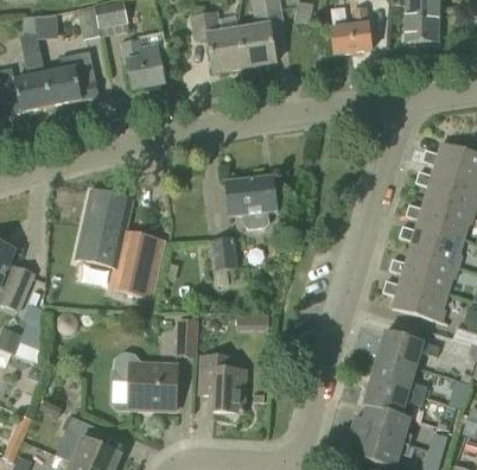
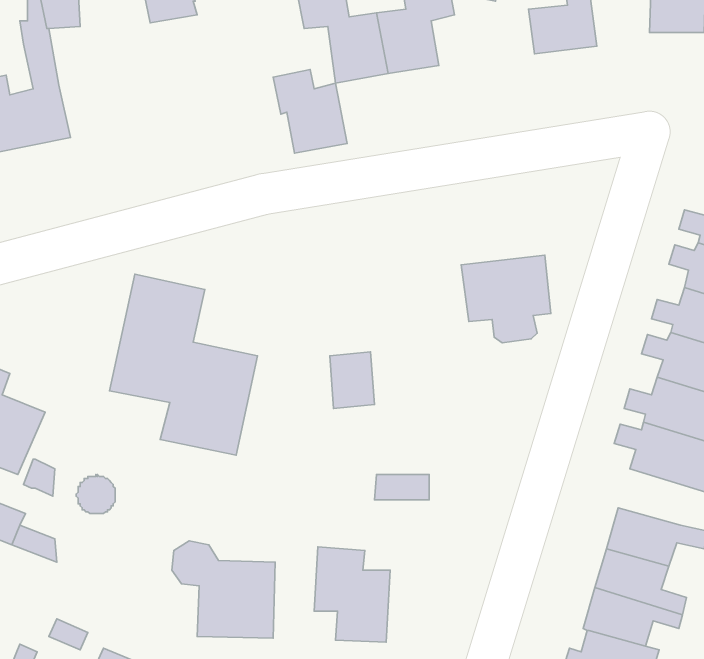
building: [119,38,164,89] -> [273,69,347,153]
building: [44,51,98,106] -> none
building: [223,176,278,229] -> [461,255,551,343]
building: [174,316,197,357] -> none

